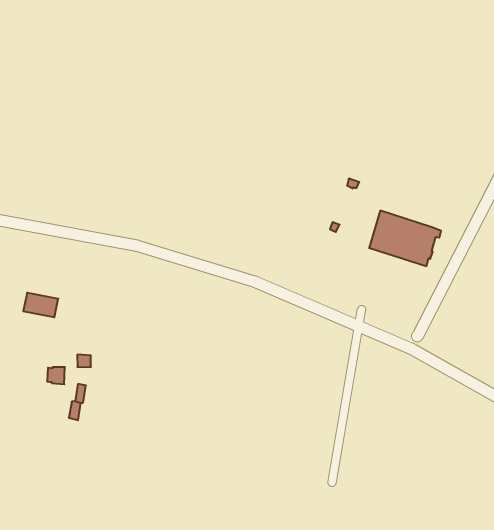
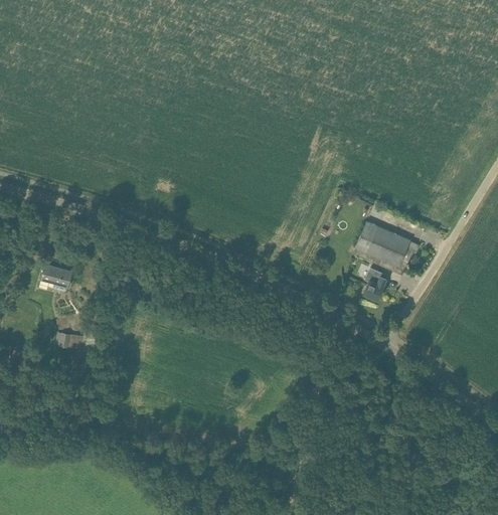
building: none -> [363,267,386,299]

